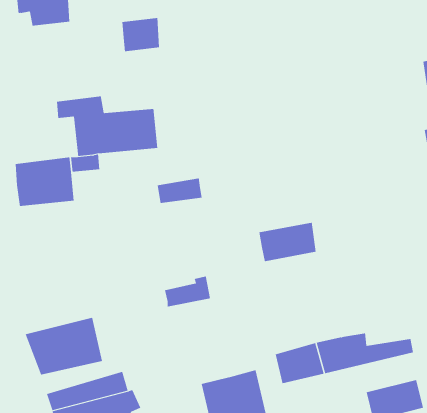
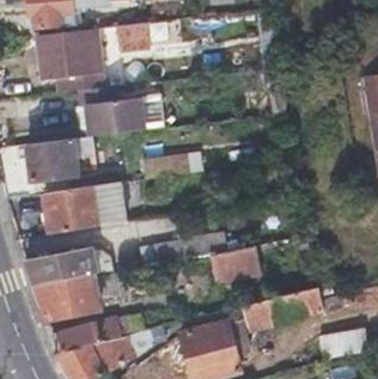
building: none -> [33,25,100,90]
building: none -> [41,181,124,233]
building: [258,222,317,262] -> [214,243,263,276]
building: none -> [25,247,96,286]

